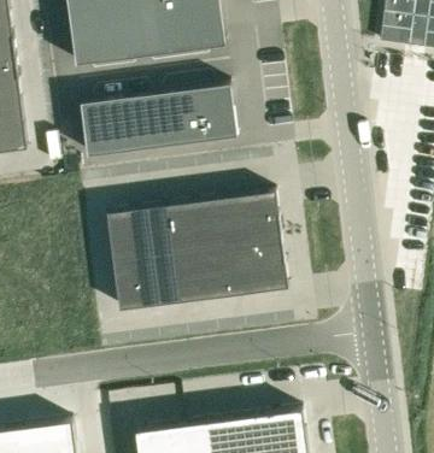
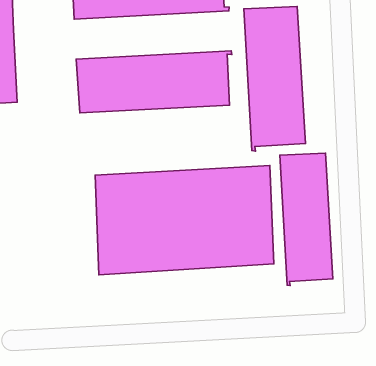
building: none -> [244,6,305,151]
building: none -> [280,153,333,285]

